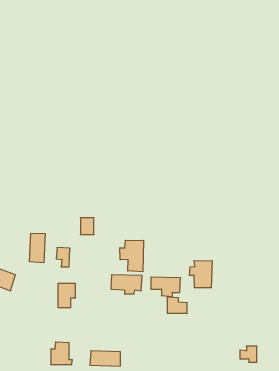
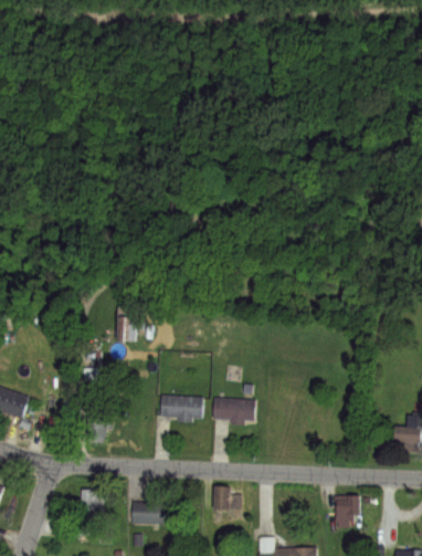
building: [30,233,45,263] -> none
building: [120,240,144,272] -> none
building: [190,261,212,288] -> none
building: [167,297,187,313] -> [213,486,241,508]

